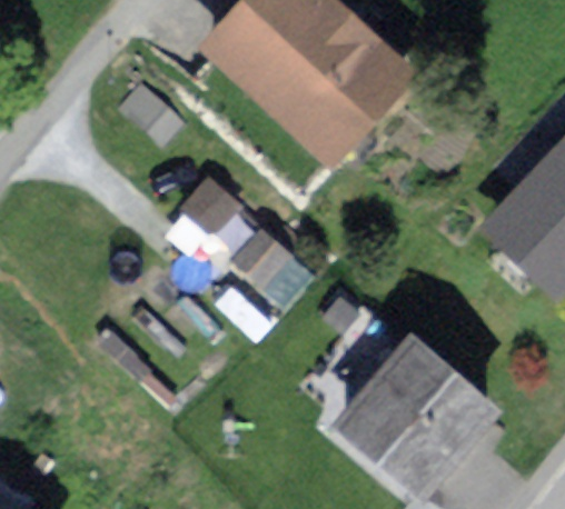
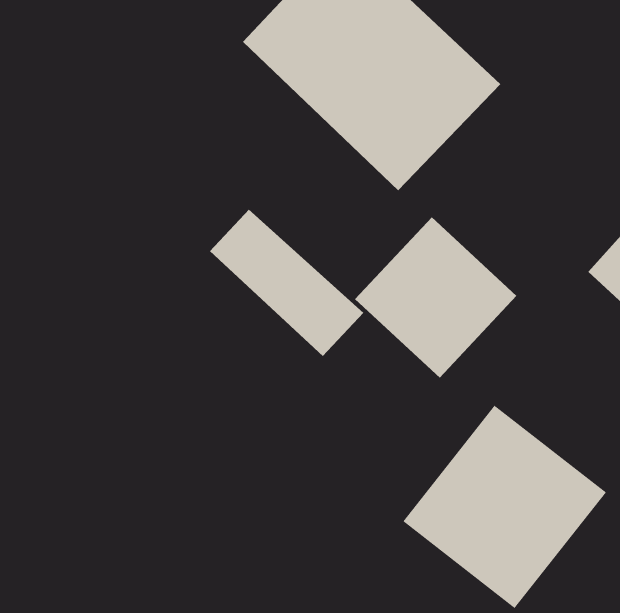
building: none -> [354,217,517,378]

